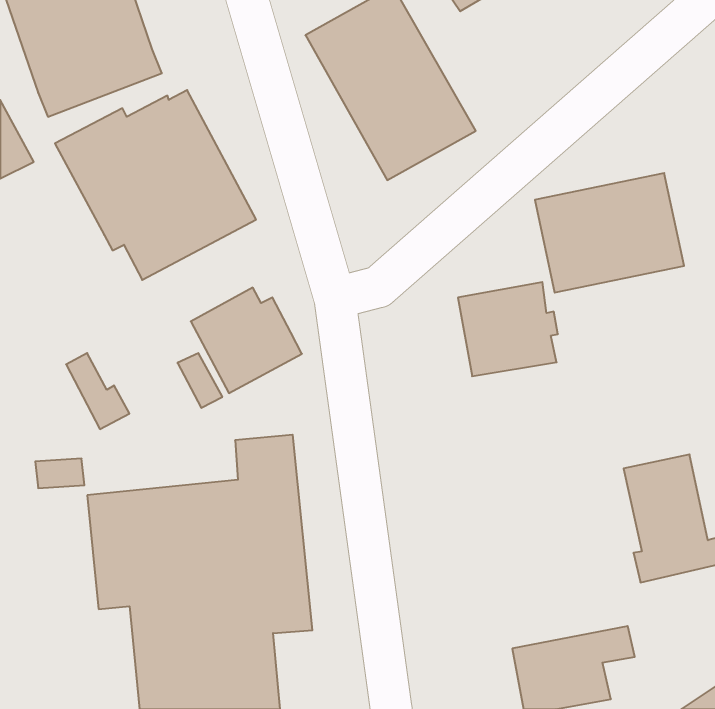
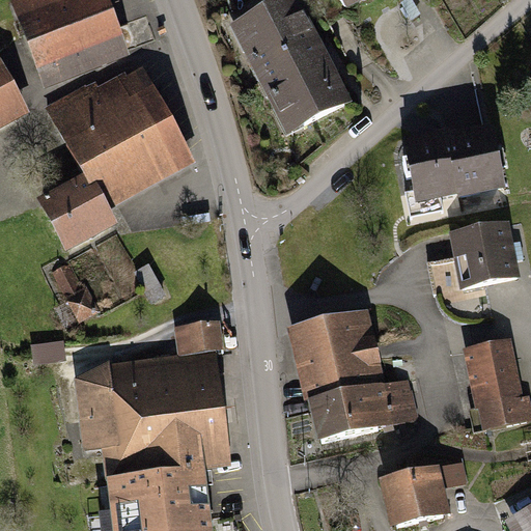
building: [458,282,558,376] -> [449,219,523,288]
building: [191,288,302,393] -> [34,173,116,251]
building: none -> [285,306,421,439]

